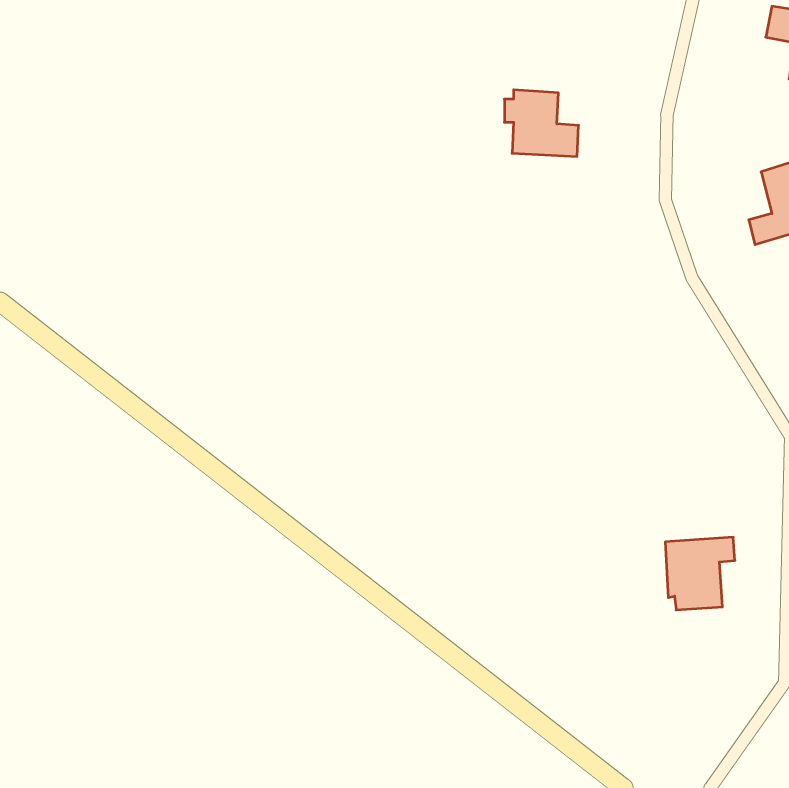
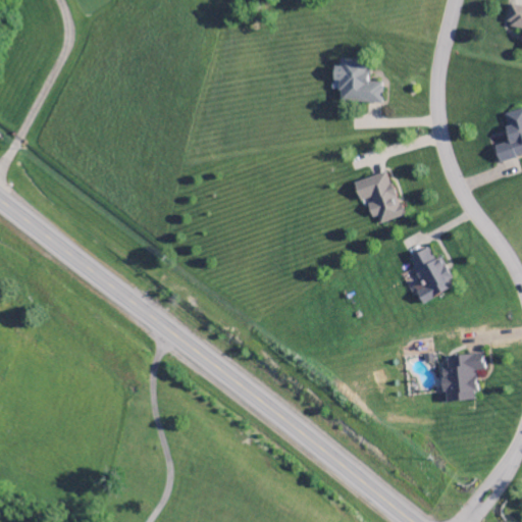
building: none -> [353,171,403,224]
building: none -> [410,248,456,303]

